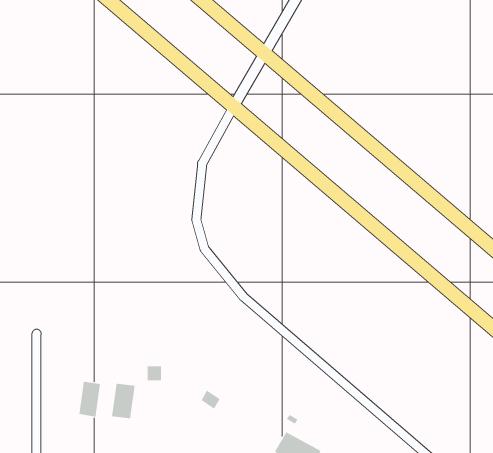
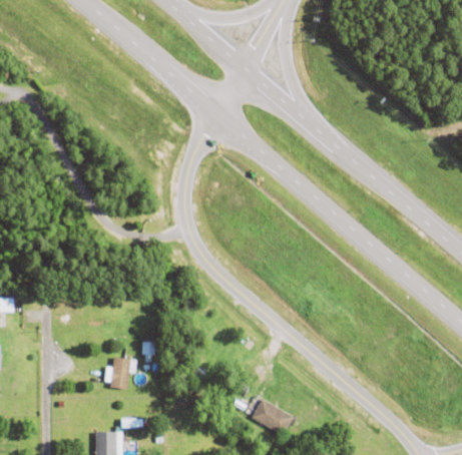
building: [79,381,101,417] -> none

